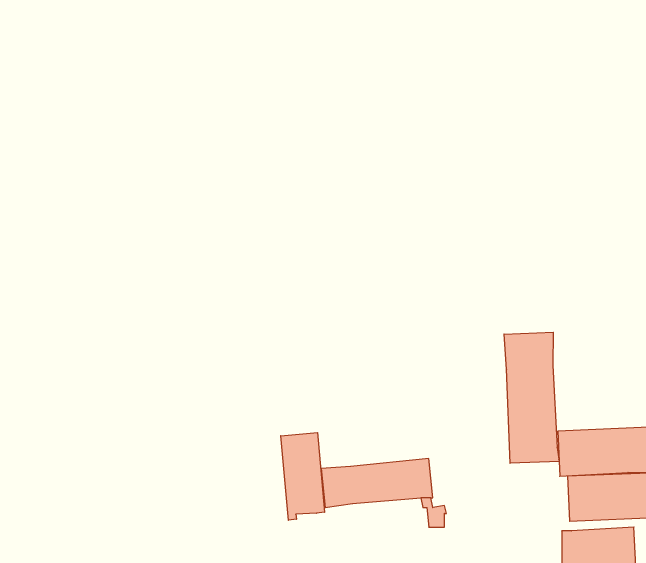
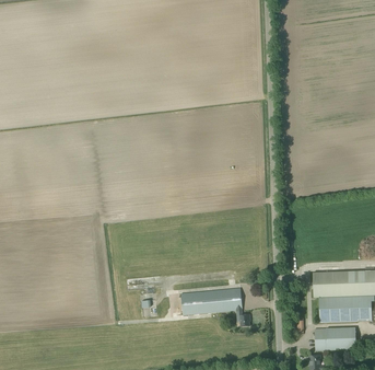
building: [504,332,559,463] -> none
building: [281,433,325,520] -> none

